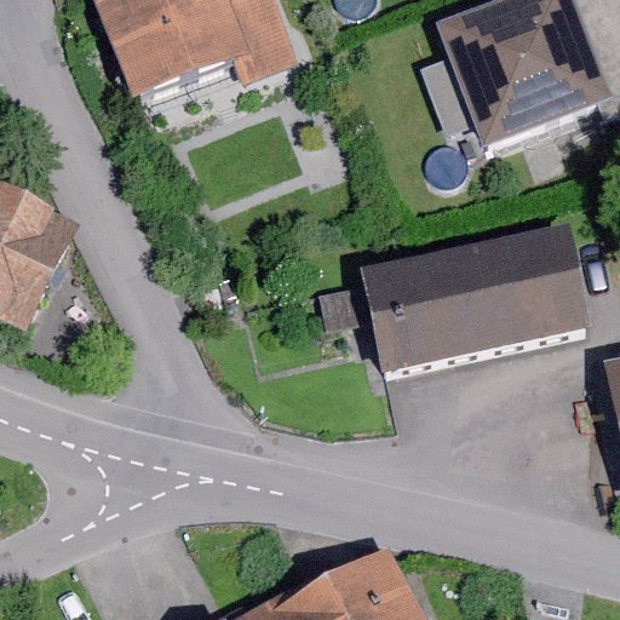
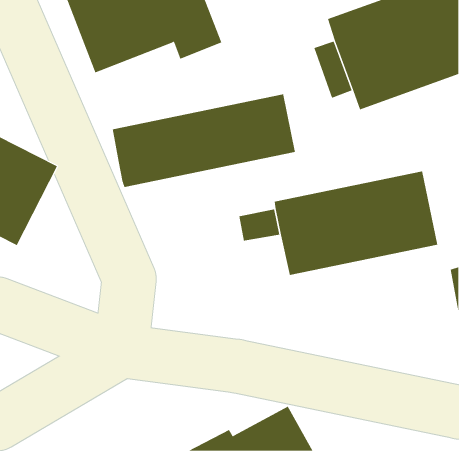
building: none -> [112,94,295,188]

